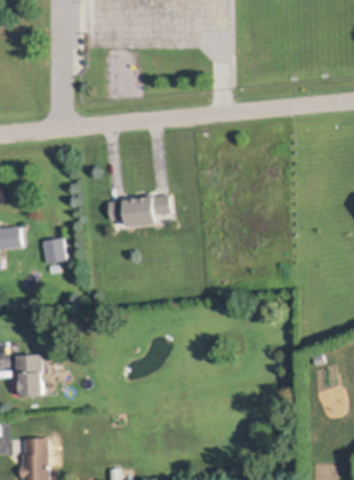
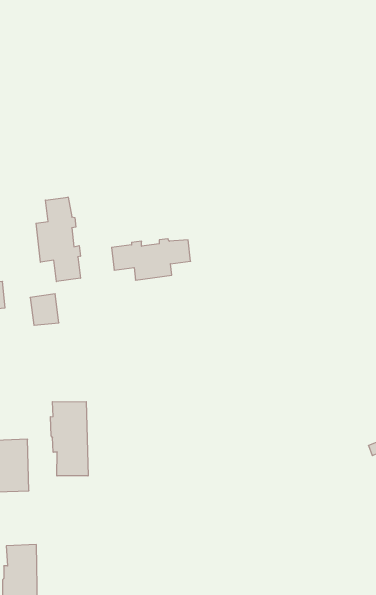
building: none -> [36,197,80,282]
building: none -> [50,402,88,476]

